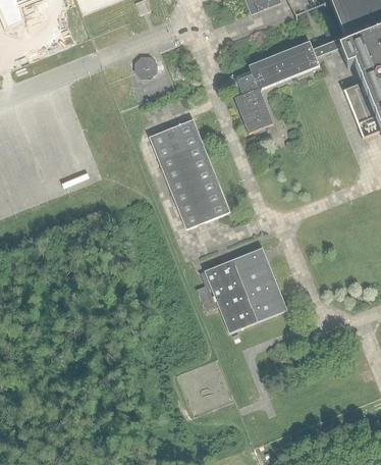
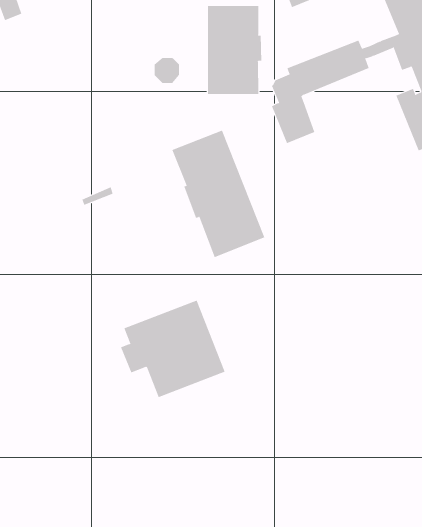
building: none -> [208,5,262,95]
building: [197,247,287,331] -> [120,300,226,398]

